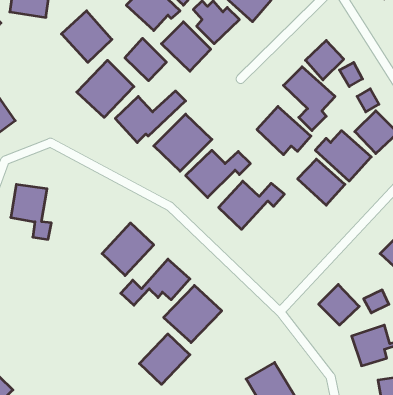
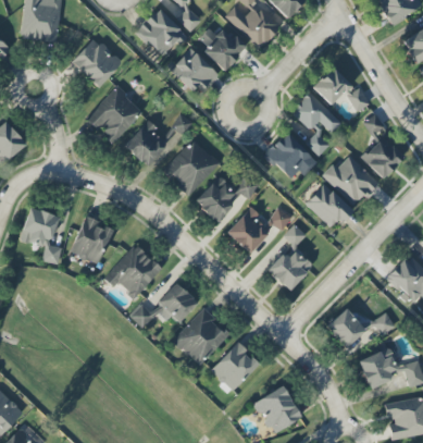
building: [125,38,166,81] -> none
building: none -> [66,214,114,263]
building: none -> [268,224,313,291]
building: [139,334,190,384] -> [210,342,260,392]

